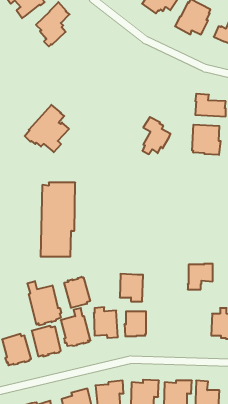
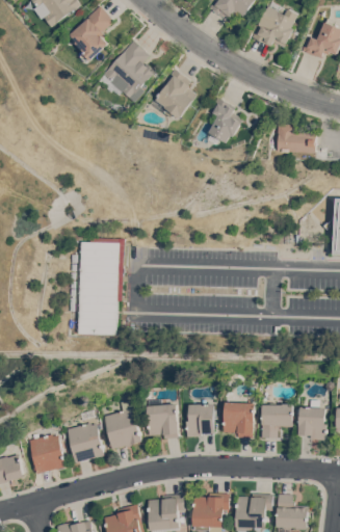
building: none -> [153,69,198,118]
building: [25,105,69,152] -> [99,41,156,102]
building: [142,117,171,154] -> [208,97,244,144]
building: [192,125,221,155] -> none
building: [188,264,213,289] -> [260,404,292,437]
building: [120,274,143,301] -> [223,402,253,437]
building: [64,277,90,308] -> none
building: [27,281,61,325] -> none

